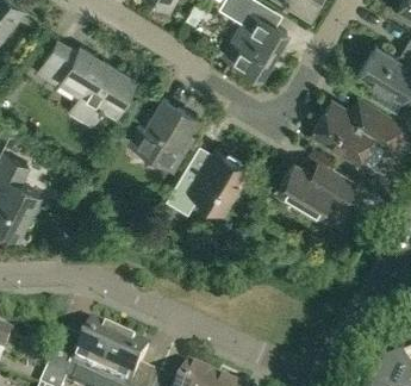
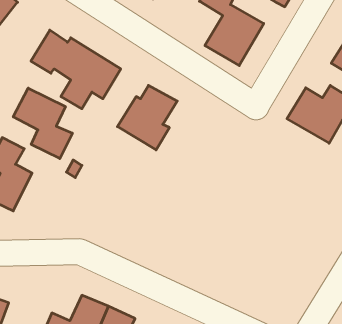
building: none -> [13,88,72,159]
building: [164,144,248,214] -> none
building: [278,160,354,214] -> none

